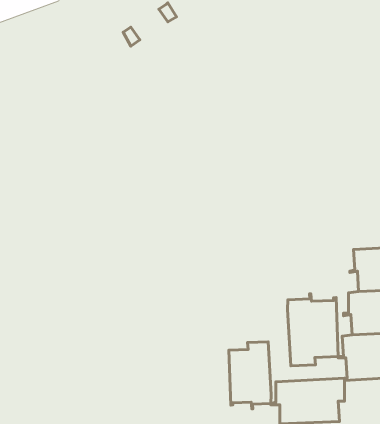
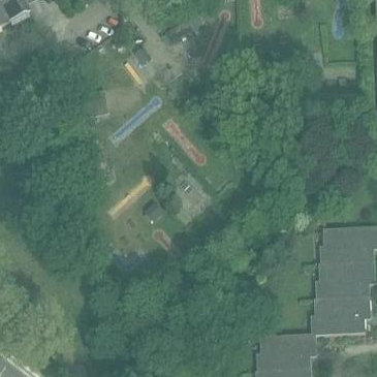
building: [288,294,338,366] -> none
building: [229,342,271,409] -> none

